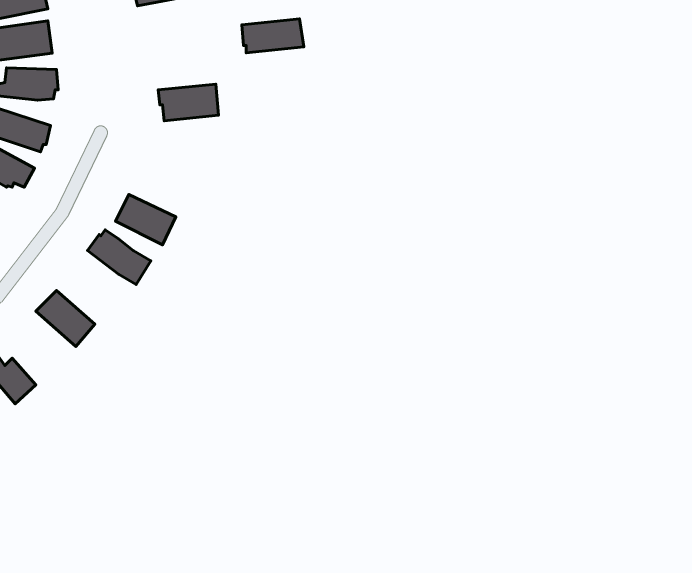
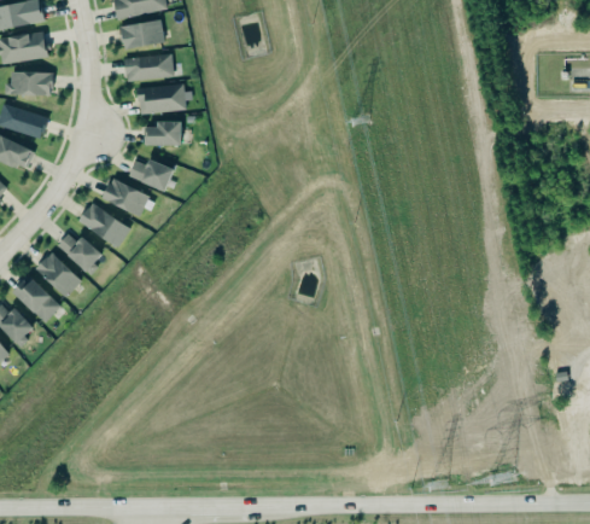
building: none -> [119,22,163,48]
building: [242,19,304,53] -> [122,53,173,81]
building: none -> [144,122,181,146]
building: none -> [125,157,174,193]
building: none -> [57,234,104,274]
building: none -> [10,268,60,319]

